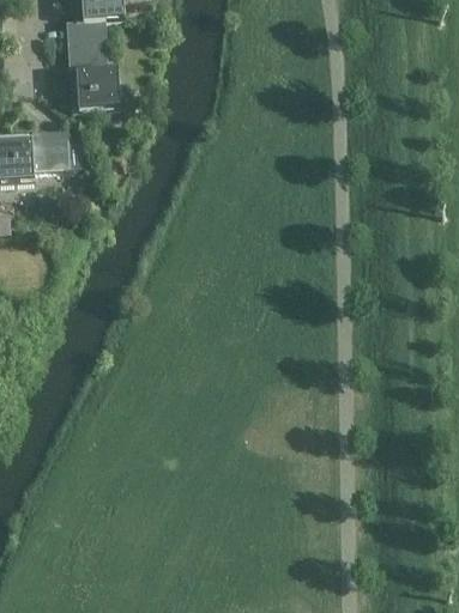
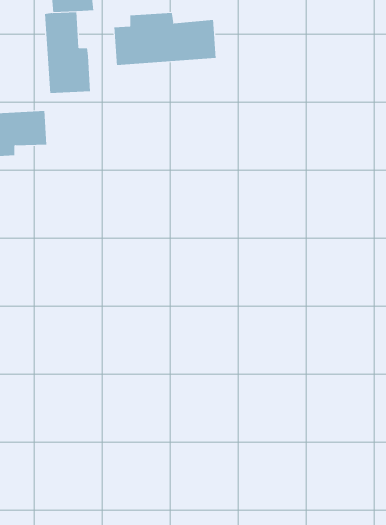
building: none -> [114,12,216,66]

